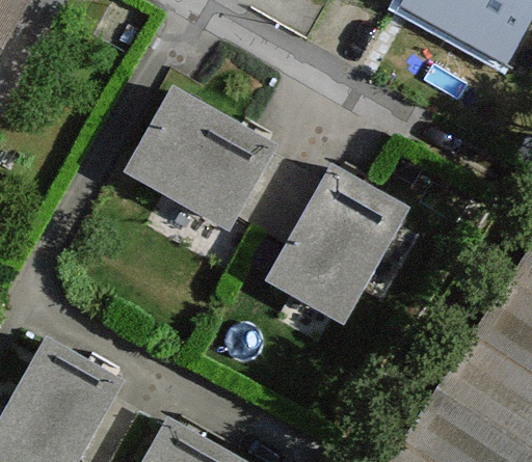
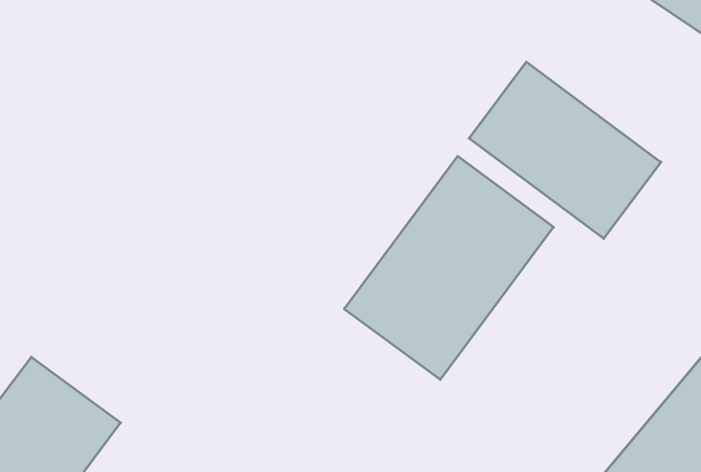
building: [128,90,274,229] -> none
building: none -> [469,62,661,239]

